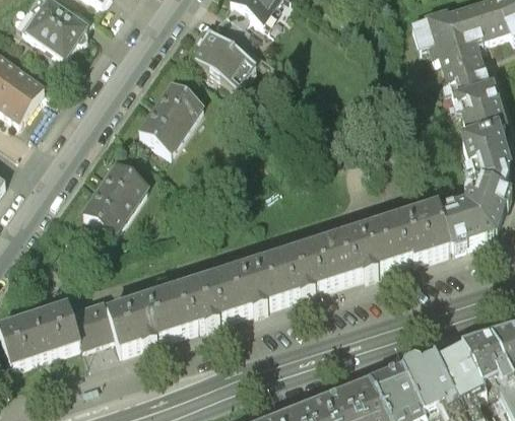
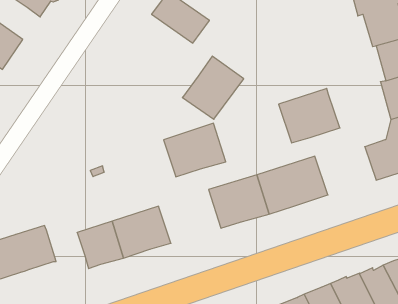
building: [134,79,205,152] -> [182,56,244,119]
building: [79,158,149,231] -> none
building: [381,201,452,264] -> [279,88,340,143]
building: [200,258,272,320] -> [164,123,226,177]
building: [70,295,115,344] -> none

